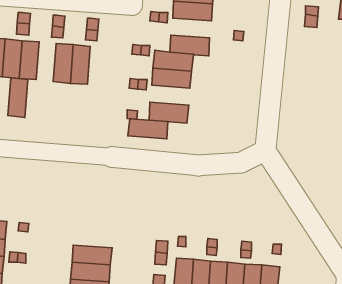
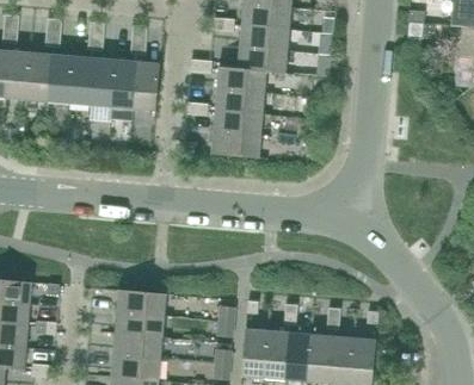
building: none -> [239,25,290,50]
building: none -> [134,61,160,111]
building: [8,78,28,117] -> [69,55,94,105]
building: [128,119,168,139] -> [213,110,263,135]
building: none -> [116,288,167,315]

